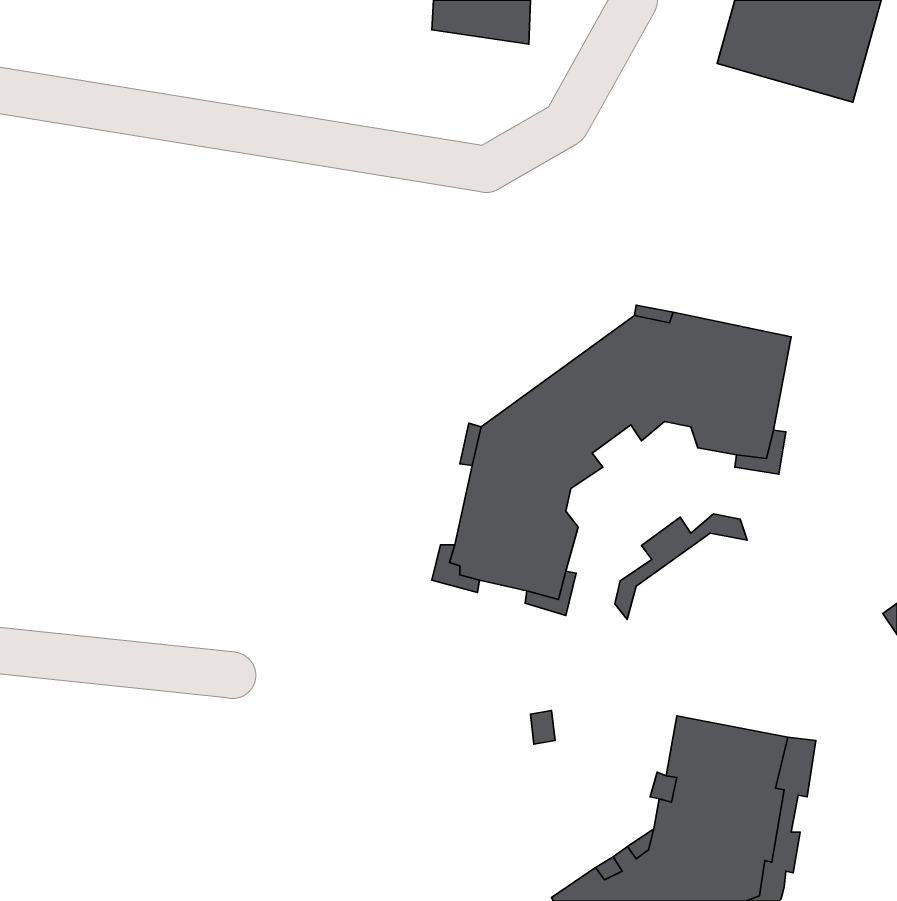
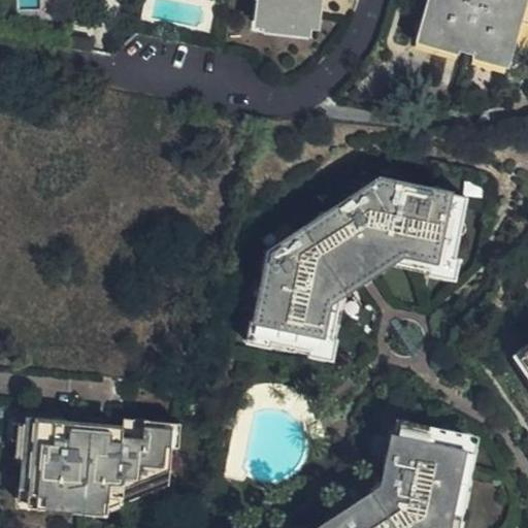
building: [615,514,747,620] -> [331,246,408,308]
building: none -> [10,419,165,503]

